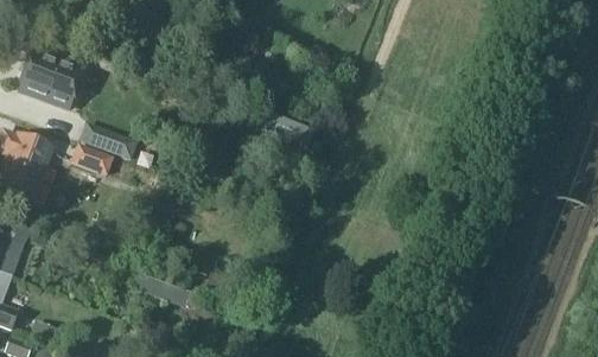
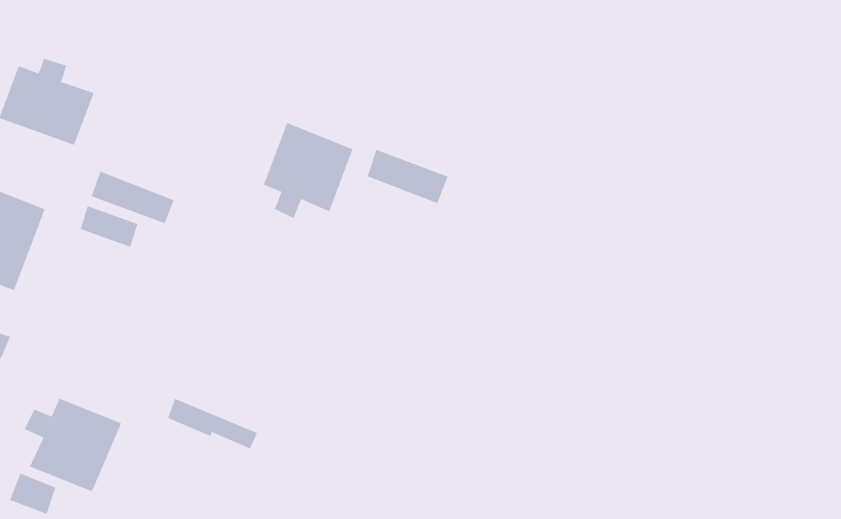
building: none -> [263,122,353,219]
building: none -> [24,398,122,492]

